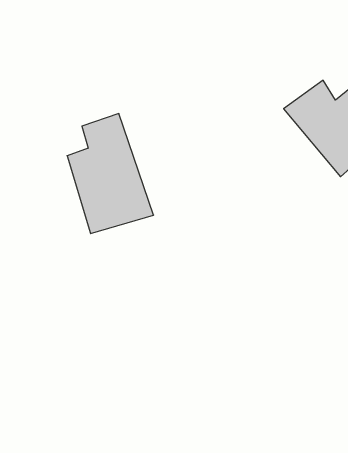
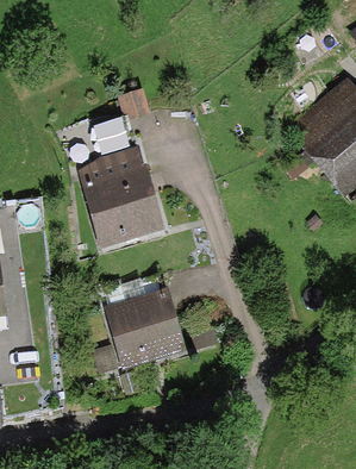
building: none -> [107,287,202,364]

